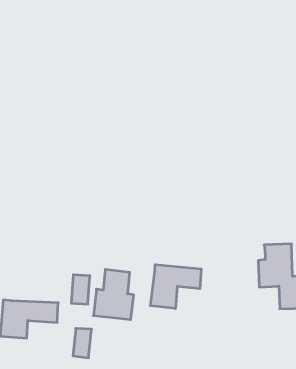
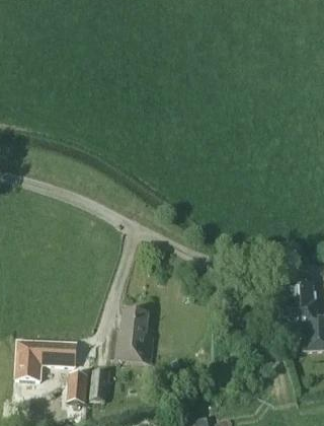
building: [150,265,201,309] -> none
building: [71,275,90,304] -> [68,372,87,403]

